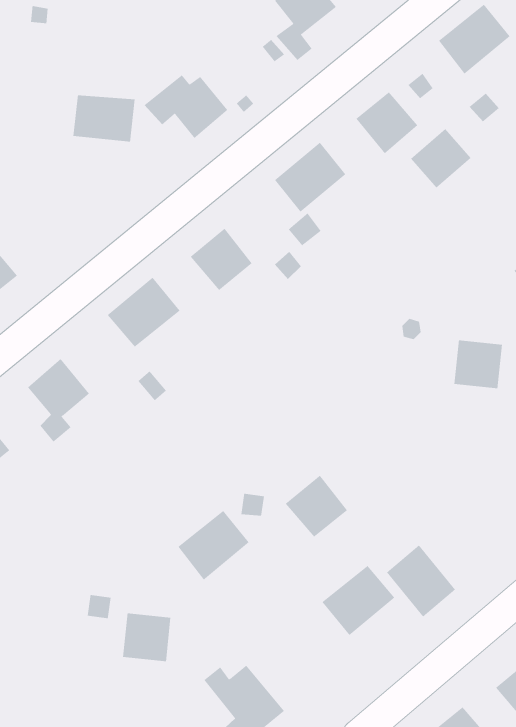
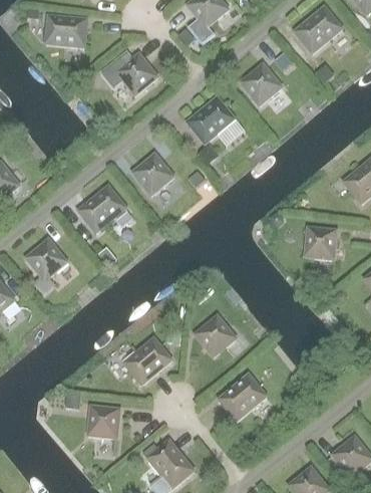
building: [73,95,136,142] -> [45,16,86,47]
building: [410,128,472,188] -> none
building: [386,545,456,617] -> none

